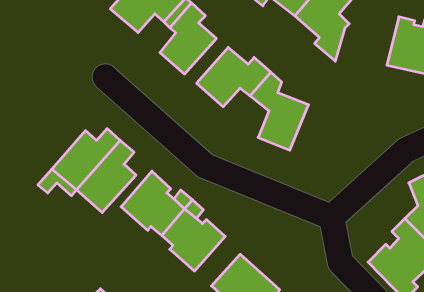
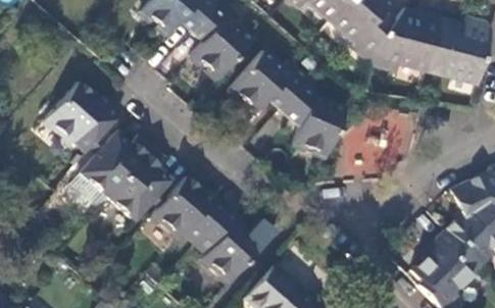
building: none -> [374,8,439,71]
building: none -> [45,84,116,155]
building: none -> [346,104,417,176]

